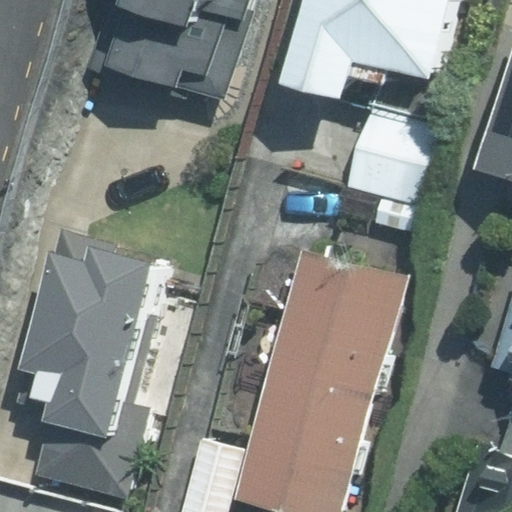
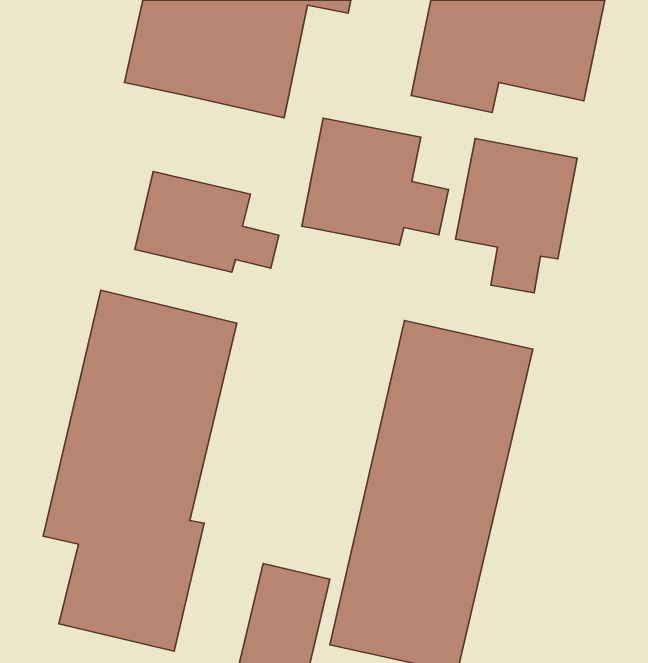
building: none -> [302,118,448,245]
building: none -> [135,172,279,272]

